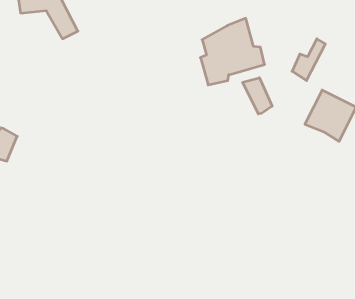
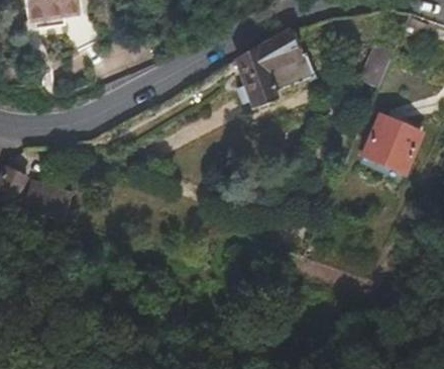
building: [243,78,272,114] -> none
building: none -> [21,175,75,214]

